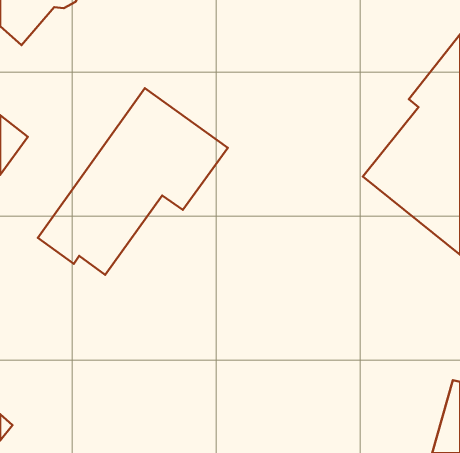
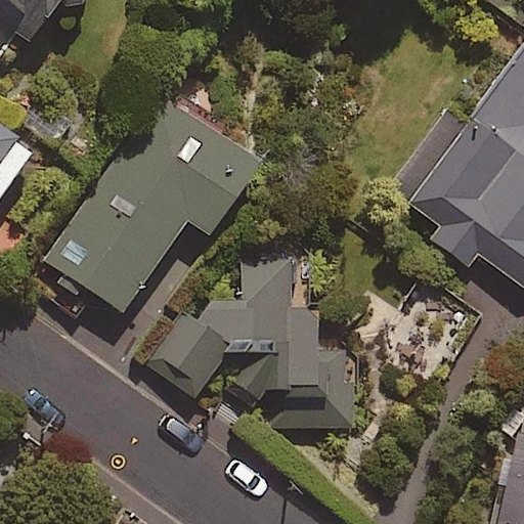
building: none -> [148,251,352,426]

